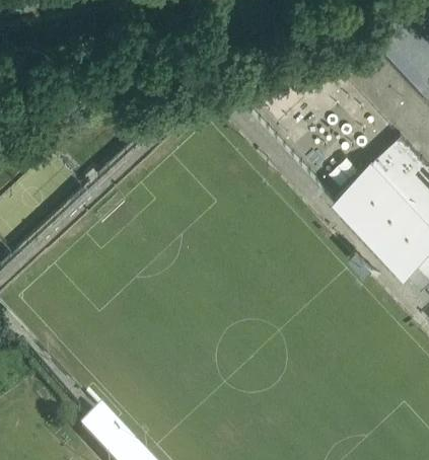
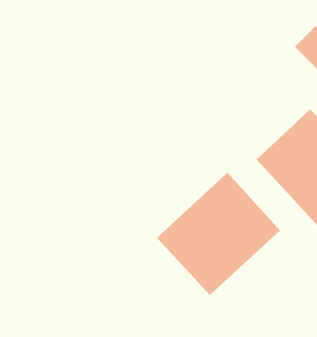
building: none -> [156,172,281,296]

